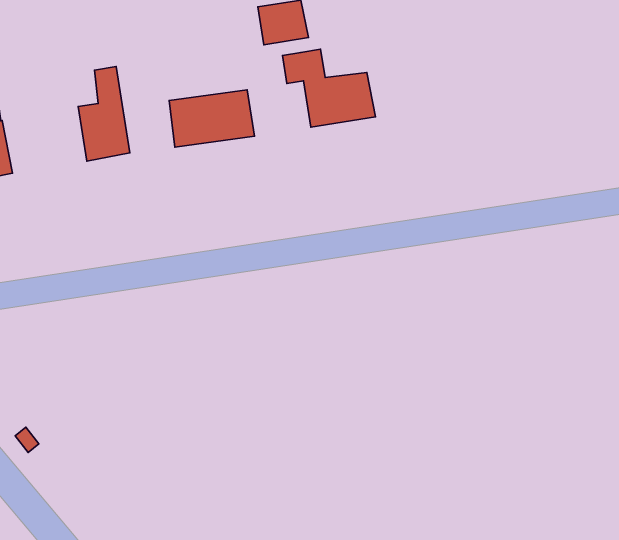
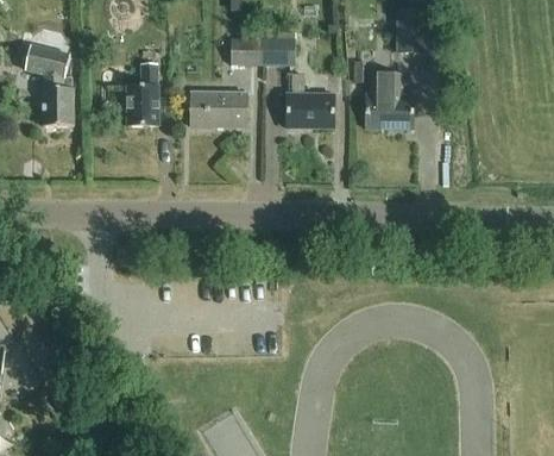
building: none -> [229,35,263,63]
building: none -> [365,71,411,127]

